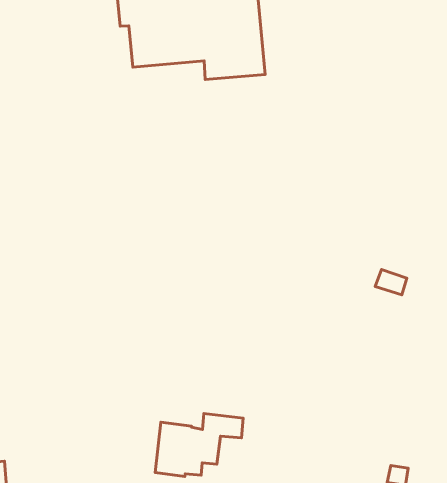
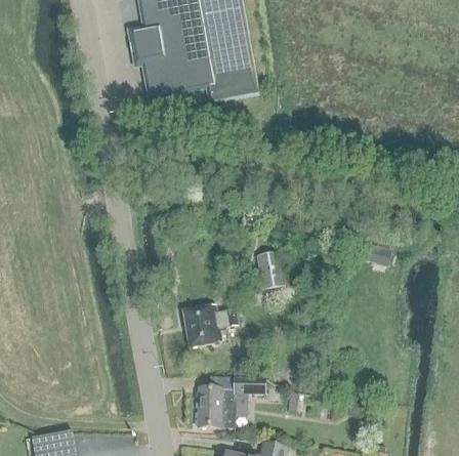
building: none -> [255,250,283,287]
building: none -> [179,303,237,347]

